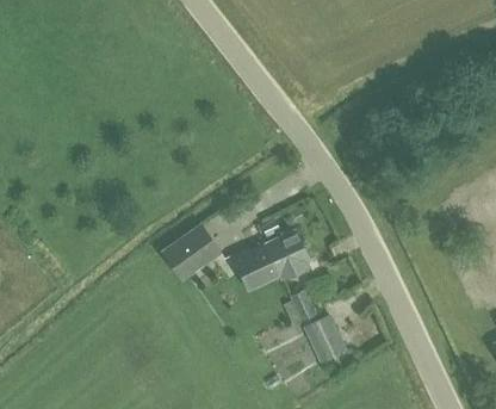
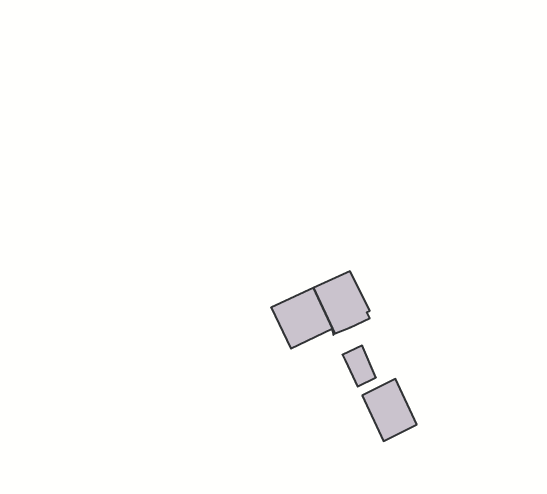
building: [162,225,221,280] -> none

